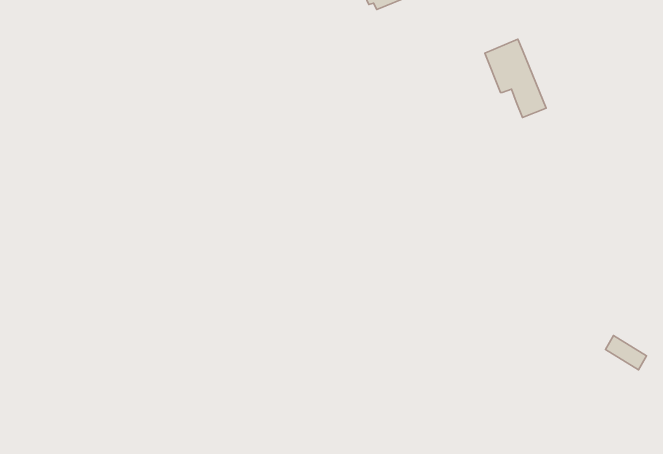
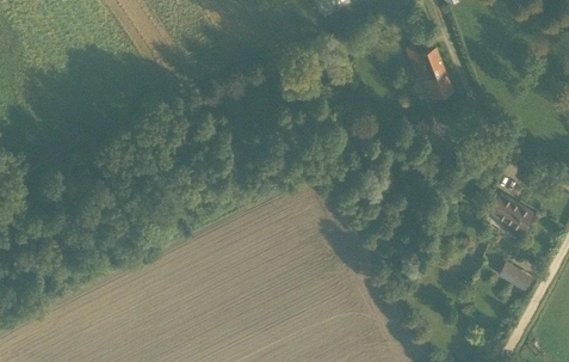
building: none -> [489,190,532,227]

